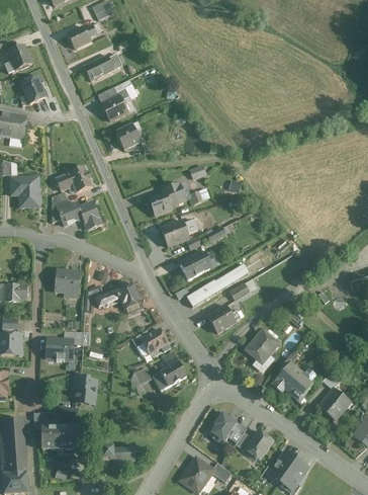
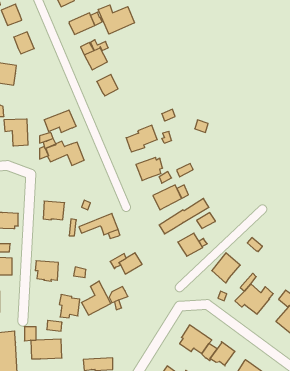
building: none -> [98,5,134,34]
building: [153,350,186,389] -> [81,281,111,315]

